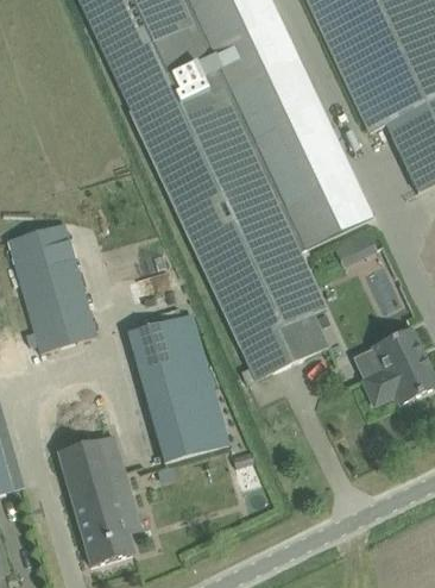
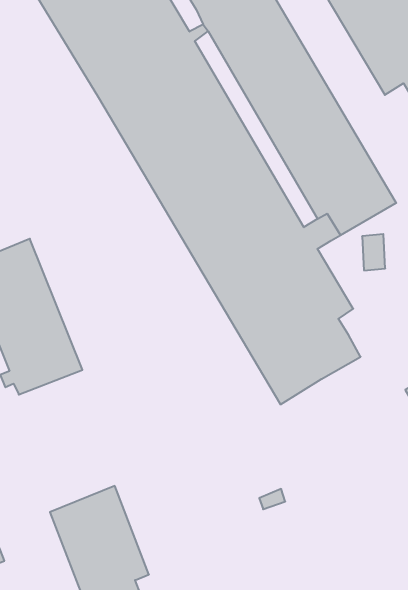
building: [127,312,229,462] -> none

